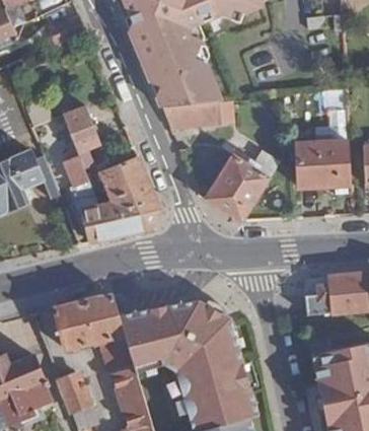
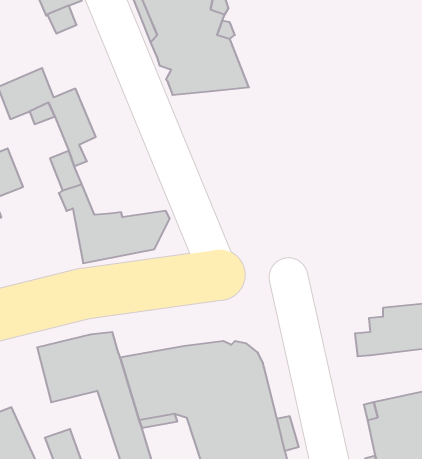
building: [160,100,234,130] -> none
building: [295,140,350,189] -> none
building: [206,150,280,220] -> none
building: [98,153,155,205] -> none

